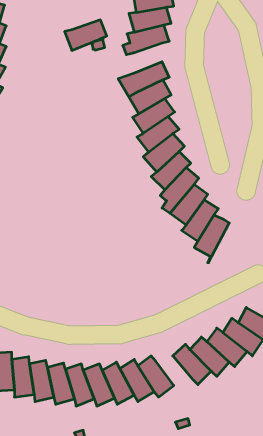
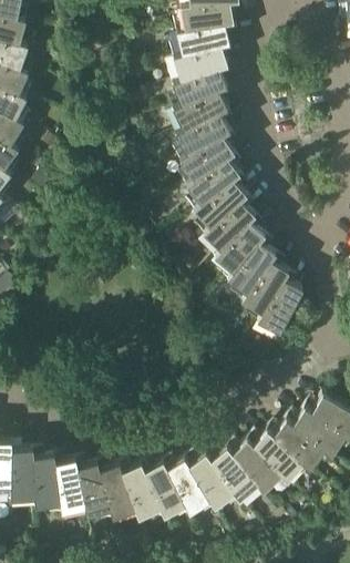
building: [65,20,107,50] -> [174,70,226,108]
building: none -> [210,450,256,501]

